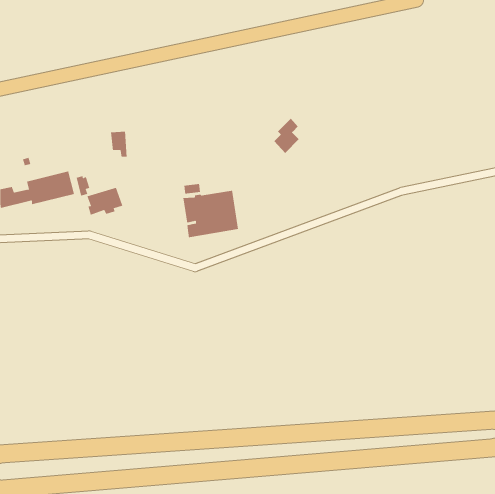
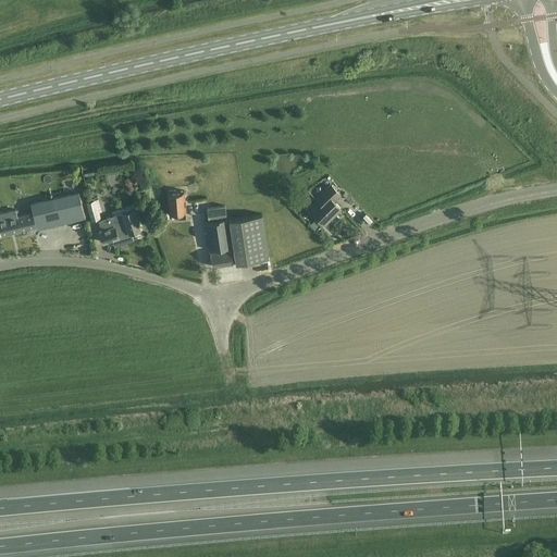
building: [273,118,300,154] -> [310,186,339,226]
building: [110,131,128,157] -> [165,193,185,222]

